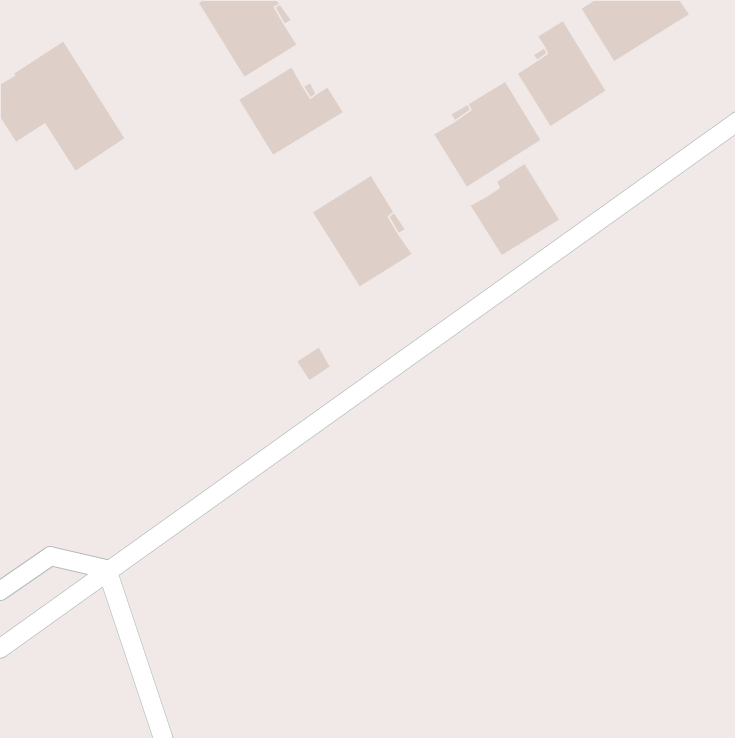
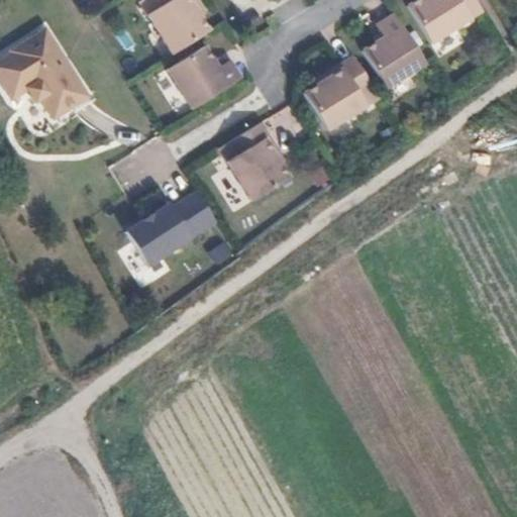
building: [469,163,560,256] -> none
building: none -> [120,181,211,254]

